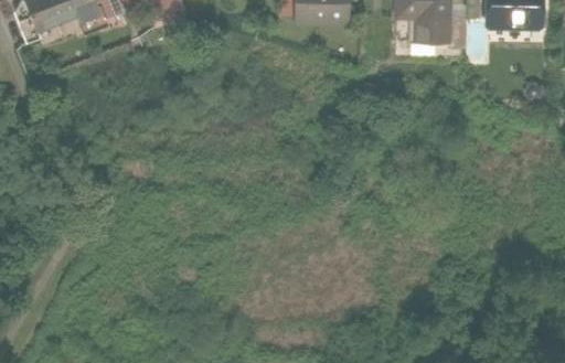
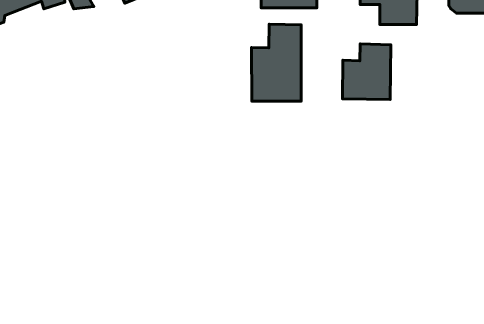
building: none -> [252,24,301,101]
building: none -> [343,44,391,100]

